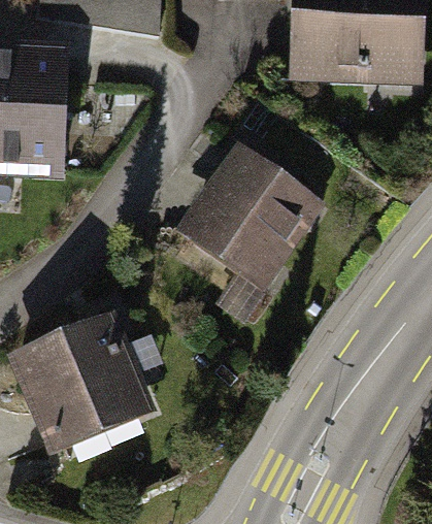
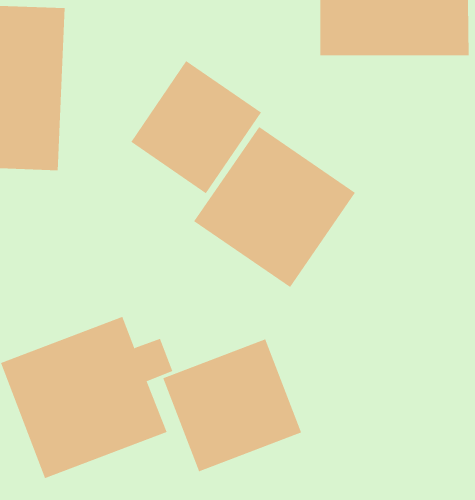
building: none -> [130,60,262,194]
building: none -> [162,338,302,472]

